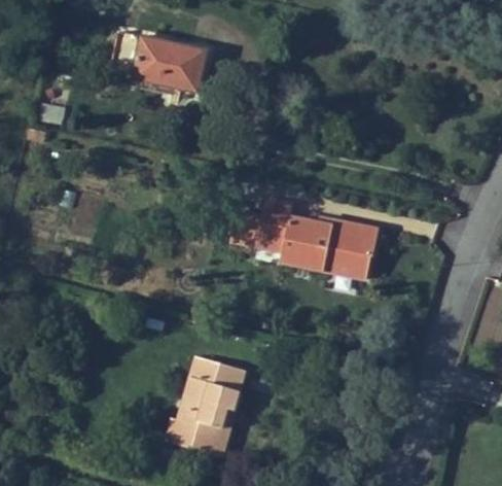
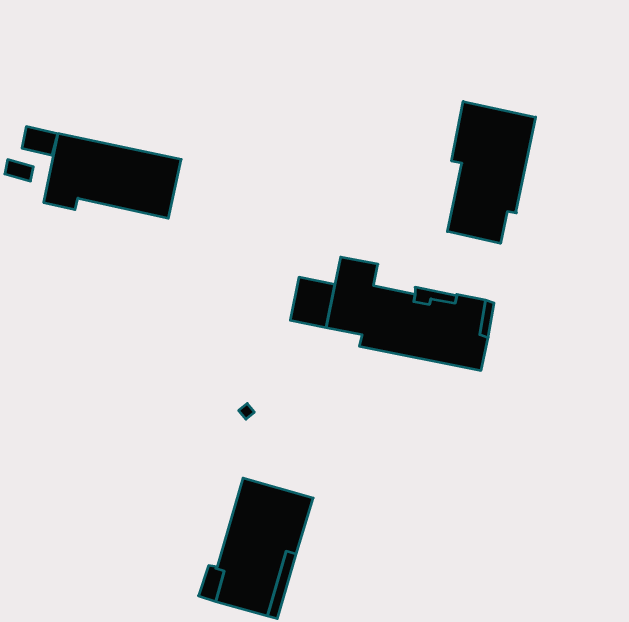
building: [108,31,207,92] -> [44,134,181,218]
building: none -> [447,101,536,243]

